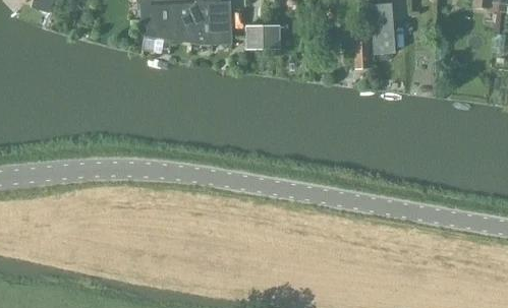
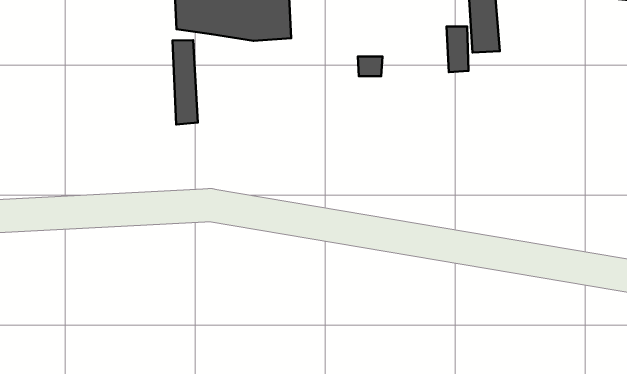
building: [248,25,280,49] -> none
building: none -> [172,40,198,125]

